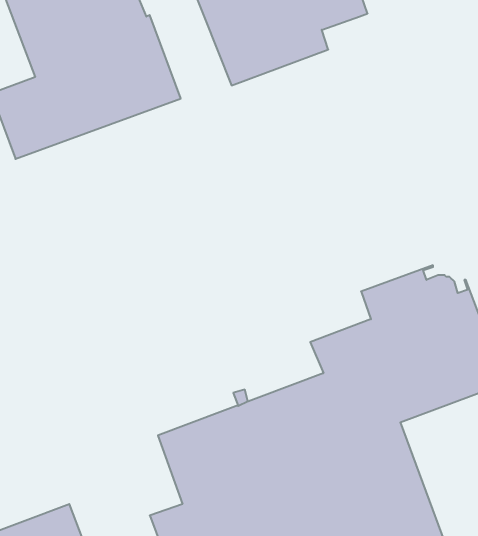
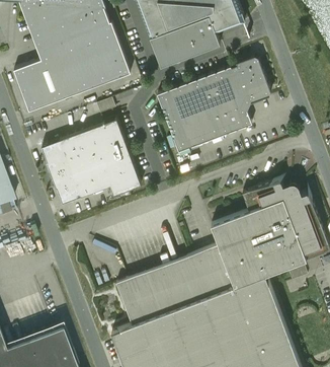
building: none -> [157,57,271,152]
building: none -> [42,120,141,205]

